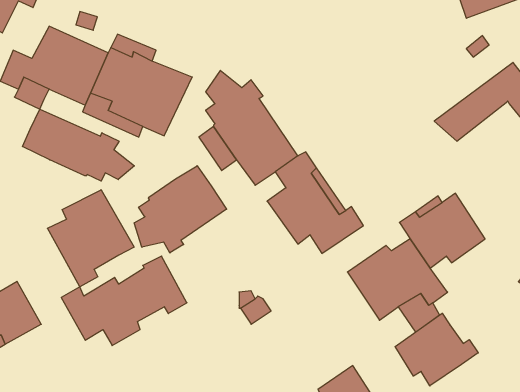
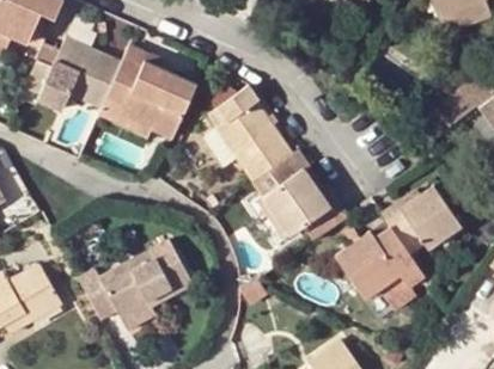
building: [23,109,134,181] -> none
building: [134,166,227,253] -> none
building: [47,190,134,287] -> none
building: [395,313,478,386] -> none

